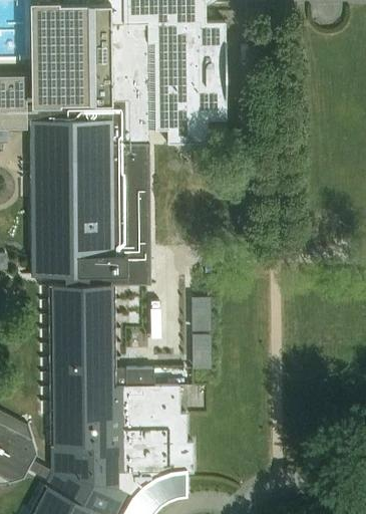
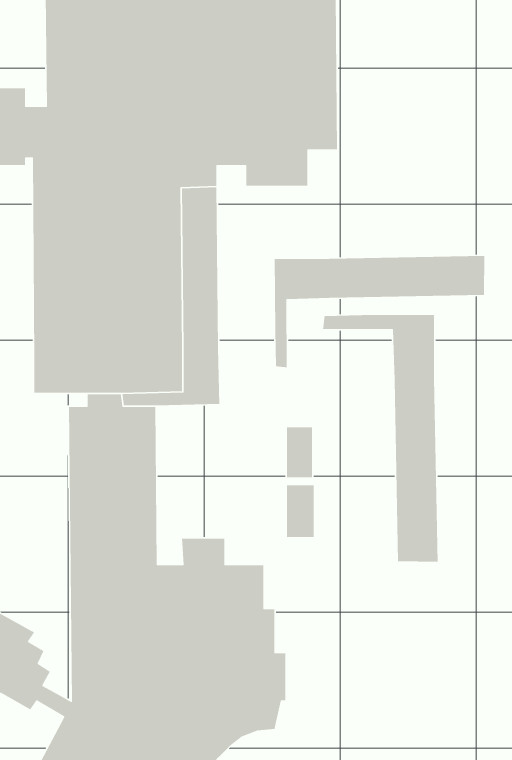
building: none -> [274,255,485,368]
building: none -> [322,314,439,562]

